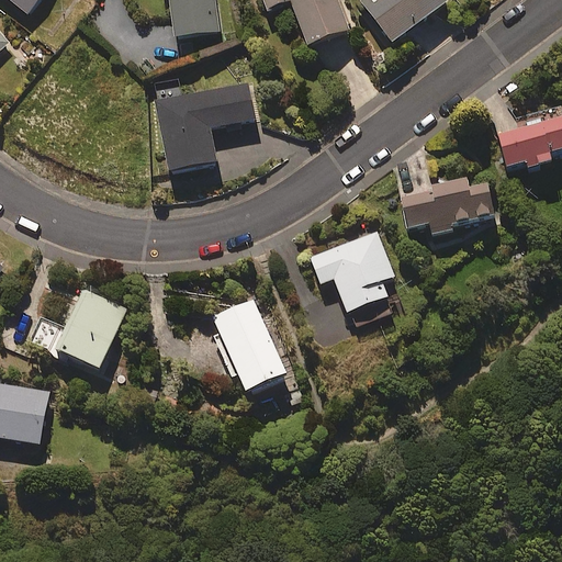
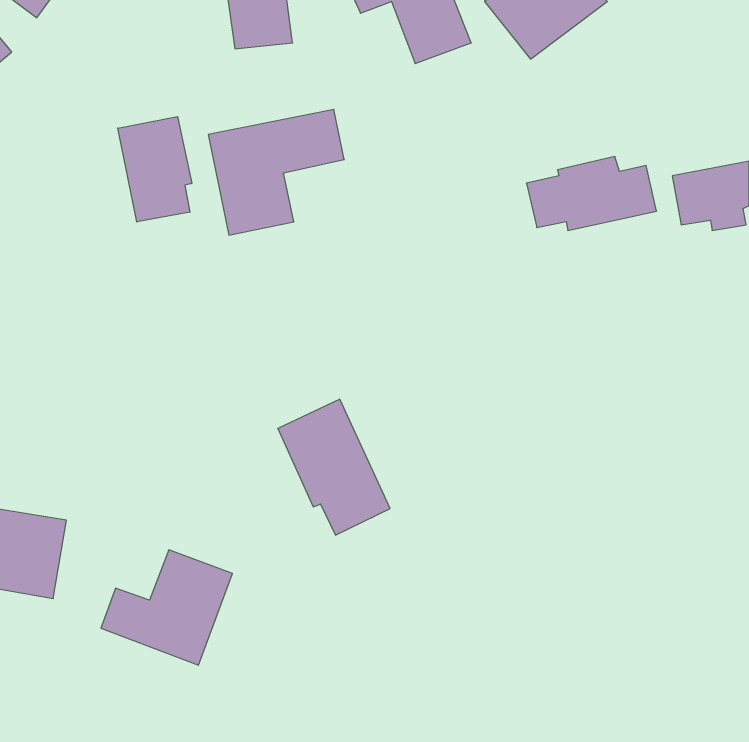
building: none -> [118,117,192,222]
building: [401,178,497,233] -> [526,157,656,230]
building: [308,226,395,314] -> none
building: [29,285,126,371] -> [101,550,232,665]

